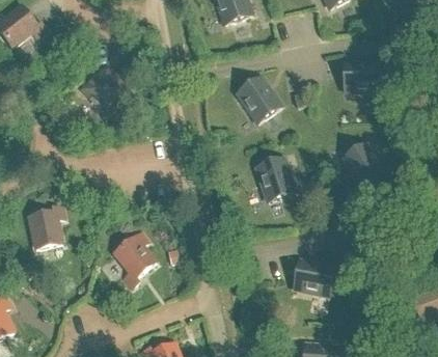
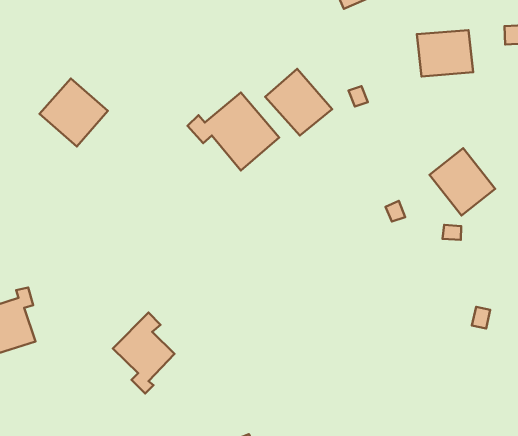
building: none -> [187,92,279,171]
building: [255,157,294,200] -> none
building: [293,258,333,295] -> none

